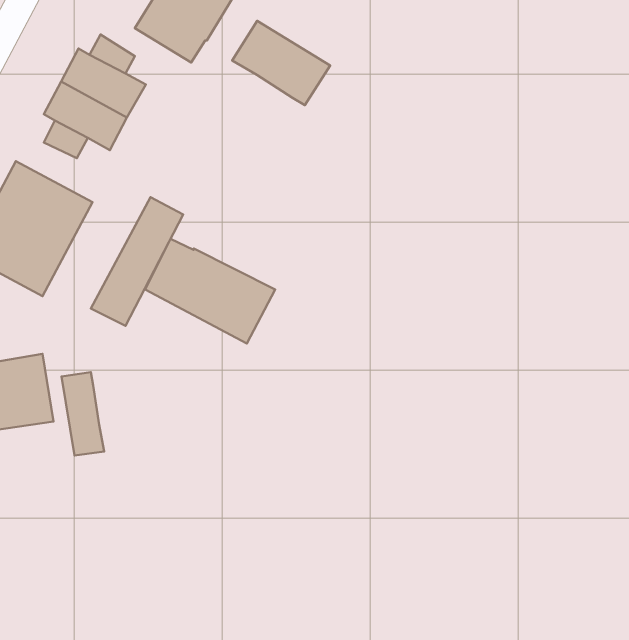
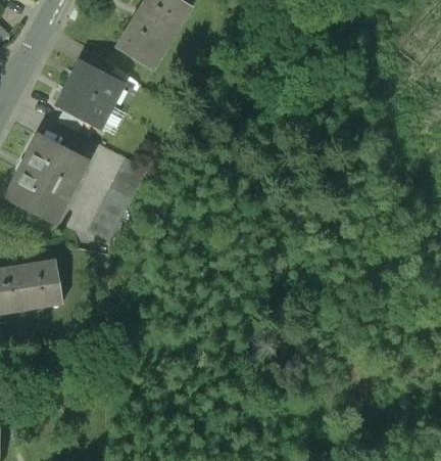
building: [232,21,330,105] -> none
building: [145,239,275,343] -> none
building: [61,372,104,456] -> none

